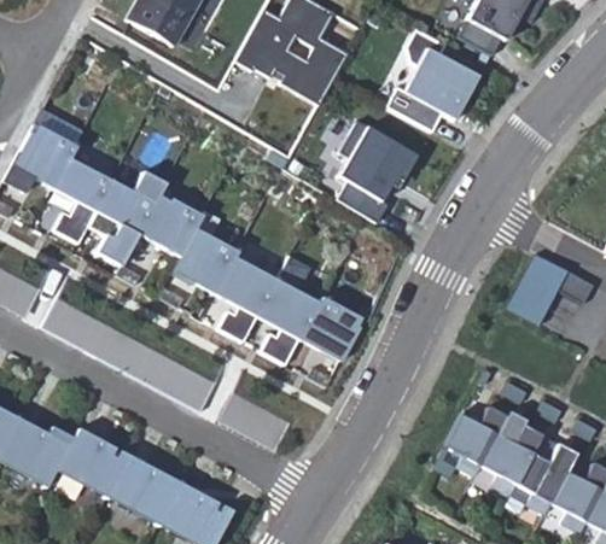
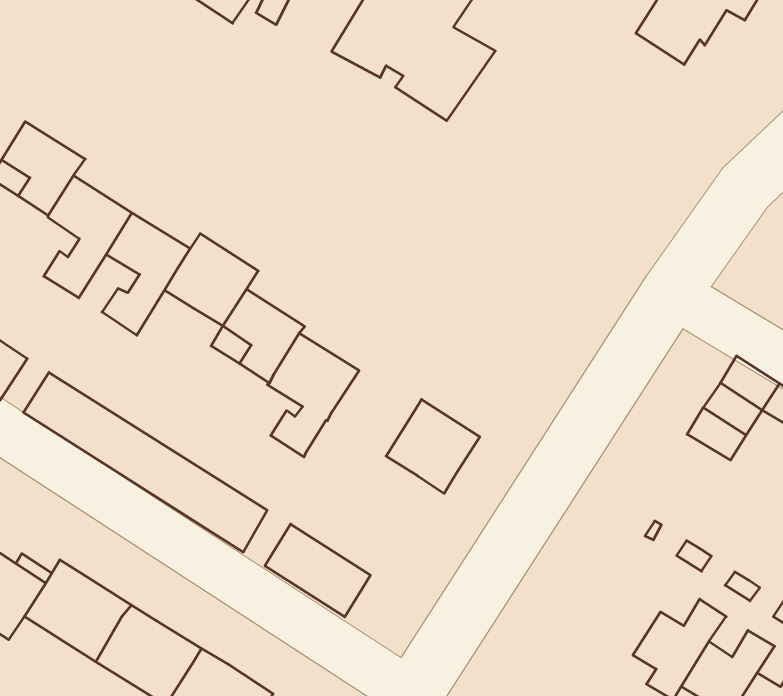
building: [385,28,482,130] -> none
building: [338,121,419,222] -> none
building: [258,281,320,367] -> none
building: [436,404,508,476] -> none

